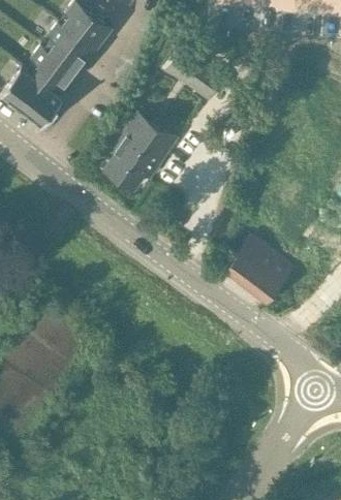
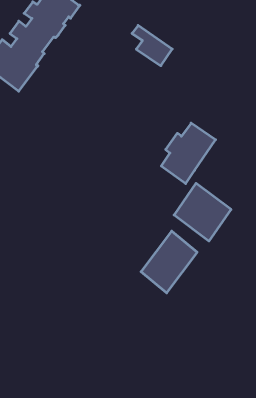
building: [106,118,171,189] -> [161,123,216,184]
building: none -> [141,231,197,293]

